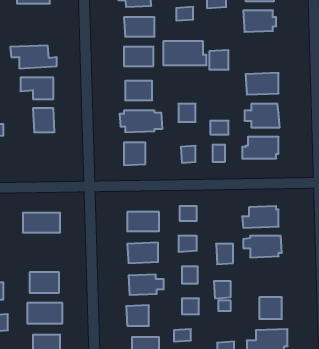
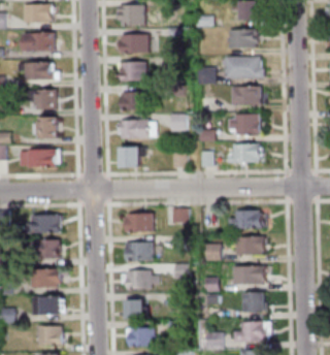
building: none -> [23,33,56,52]
building: [163,41,207,65] -> [225,57,264,78]
building: none -> [21,151,57,167]
building: none -> [35,238,61,256]
building: none -> [232,264,265,283]

